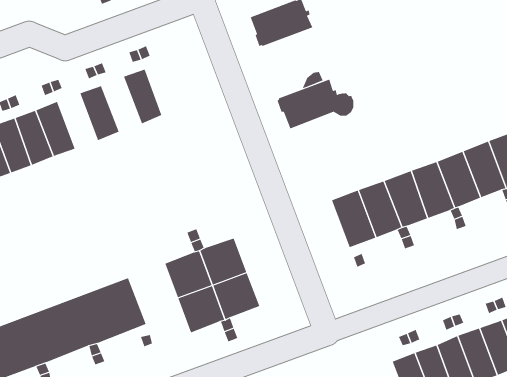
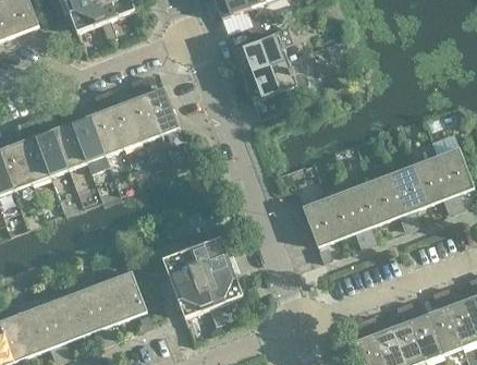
building: none -> [146,86,180,133]
building: none -> [109,100,143,147]
building: [277,79,354,129] -> [243,59,308,101]
building: none -> [72,114,106,161]

